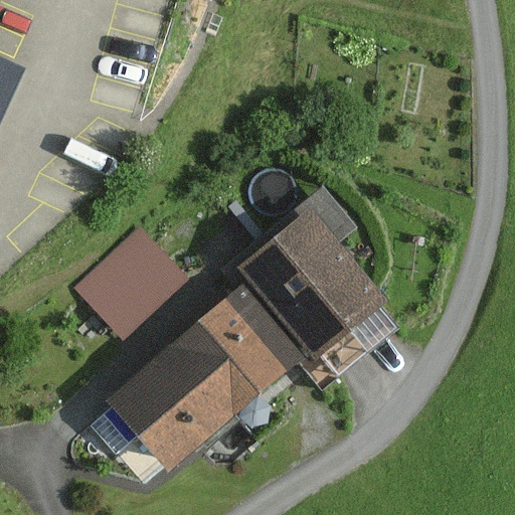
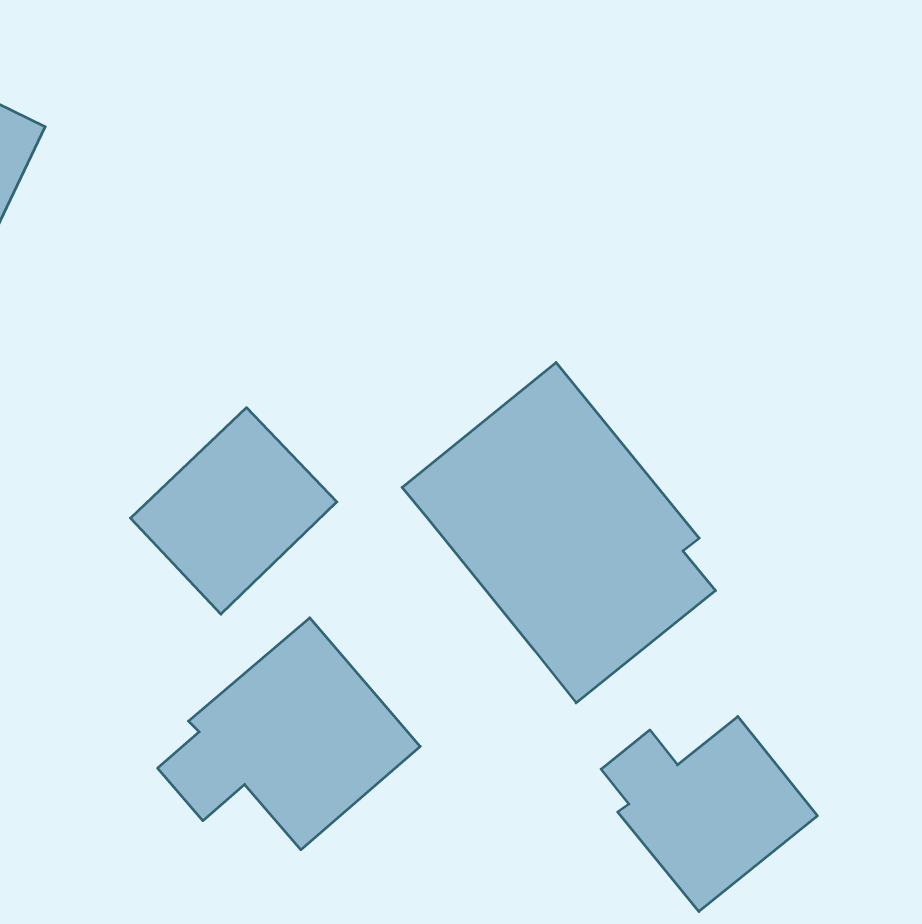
building: [172,288,297,414] -> none
building: none -> [601,716,817,912]

